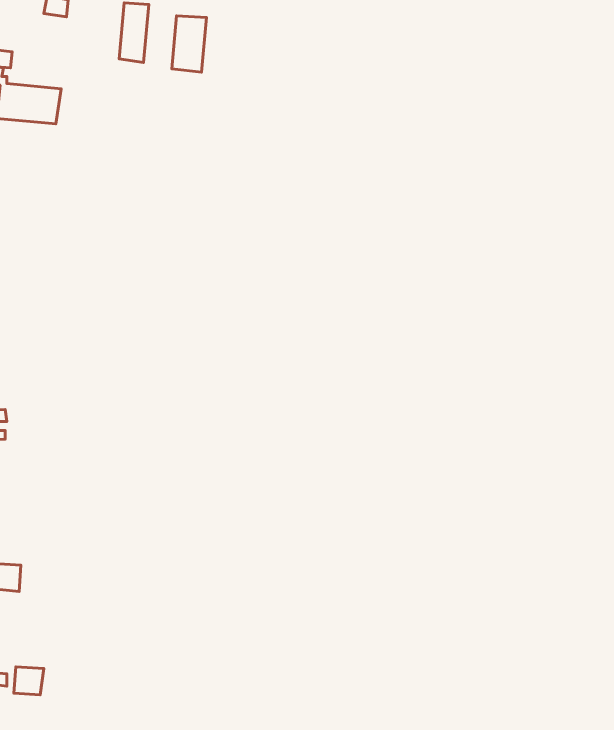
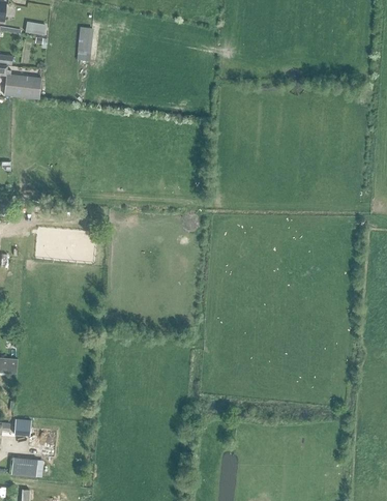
building: [172,16,207,72] -> none

